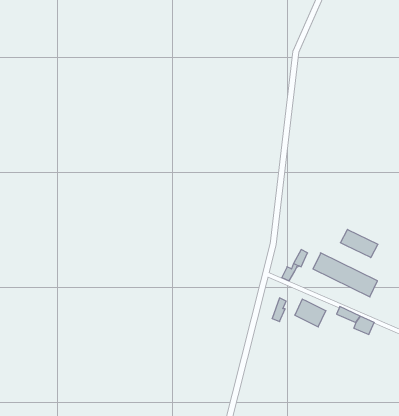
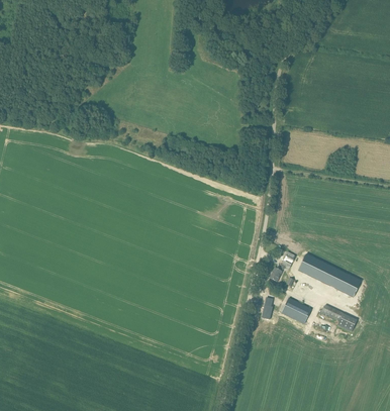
building: [340,229,378,258] -> none

